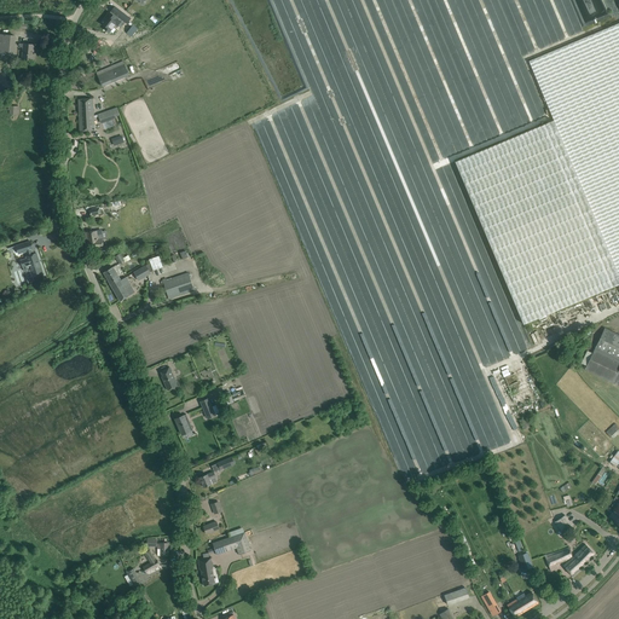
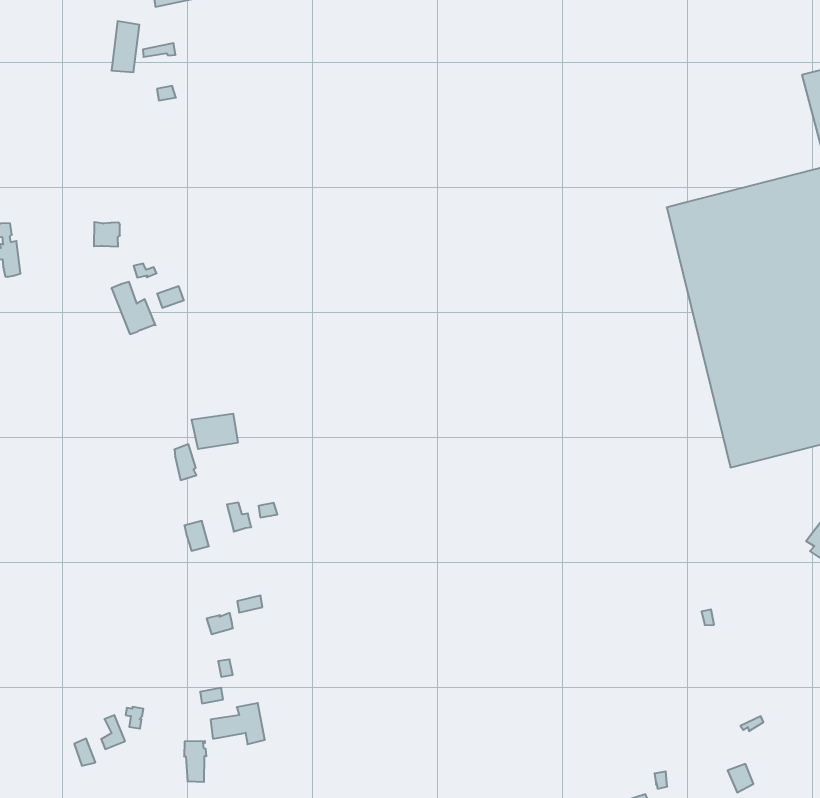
building: [163,272,196,299] -> [191,414,238,449]

